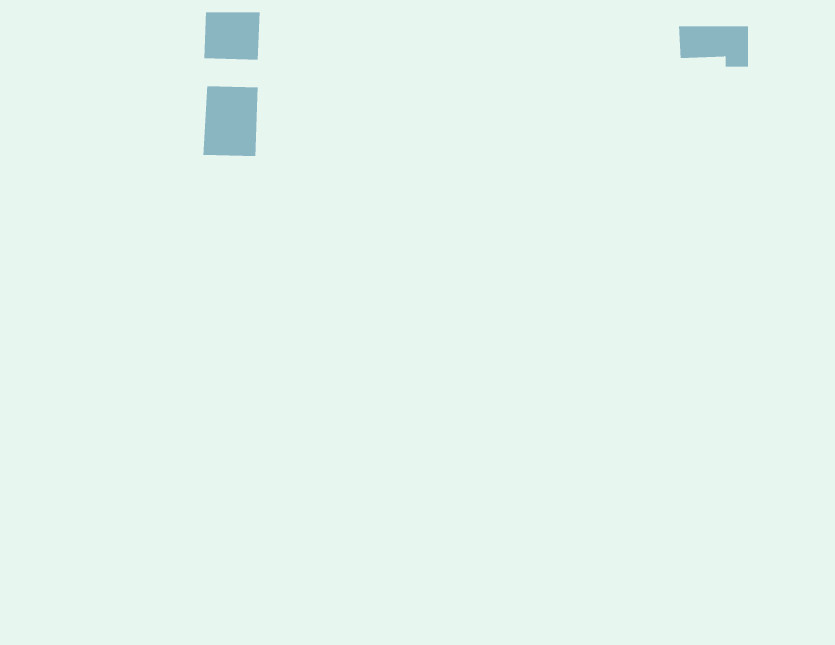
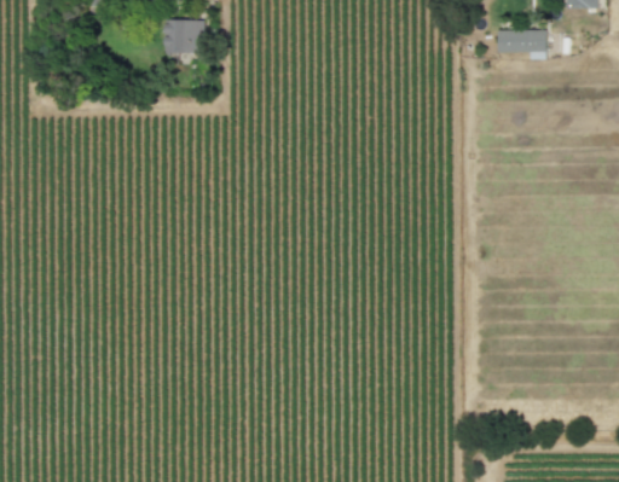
building: [203,86,258,157] -> none

